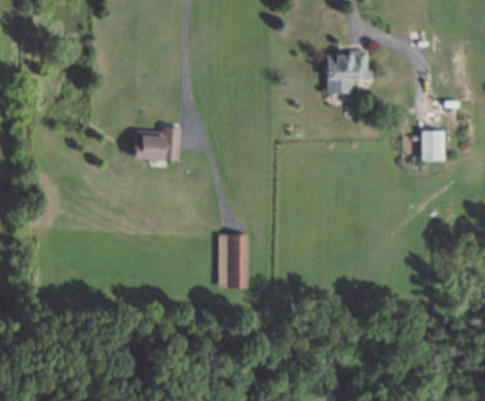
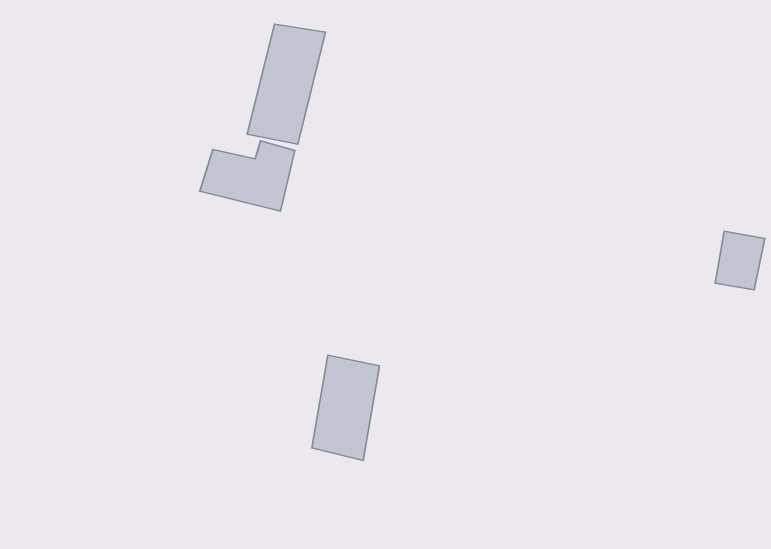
building: [325,50,373,94] -> none
building: none -> [247,24,326,144]

